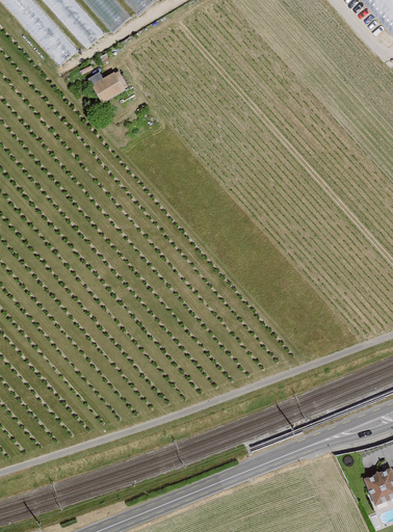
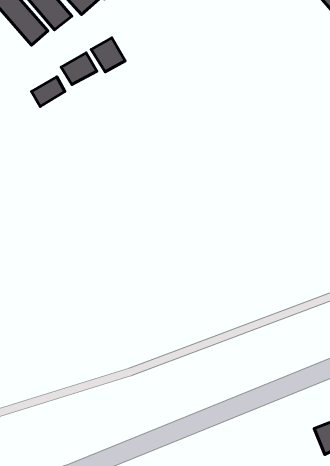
building: none -> [91,38,125,72]
building: none -> [32,77,65,107]

